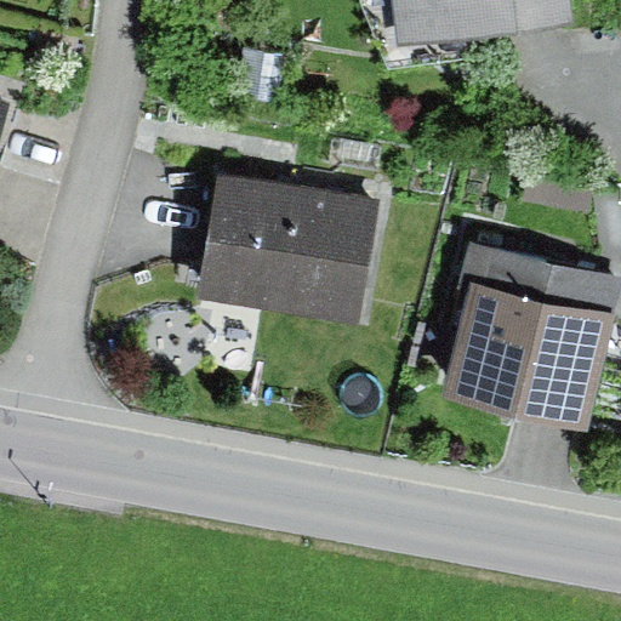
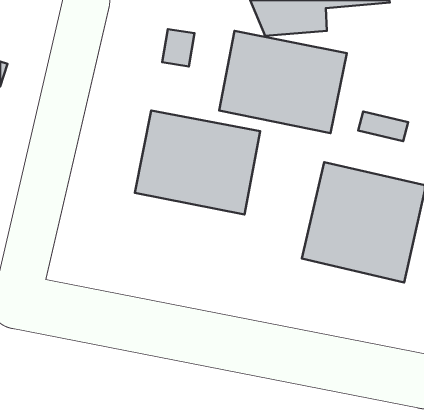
building: none -> [219,31,347,133]

